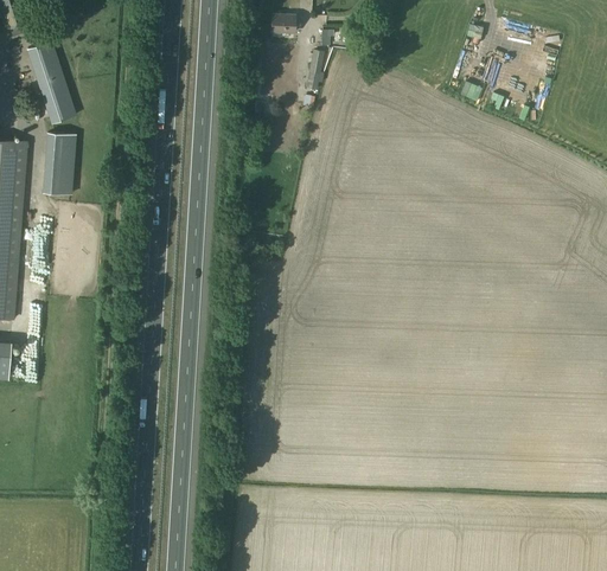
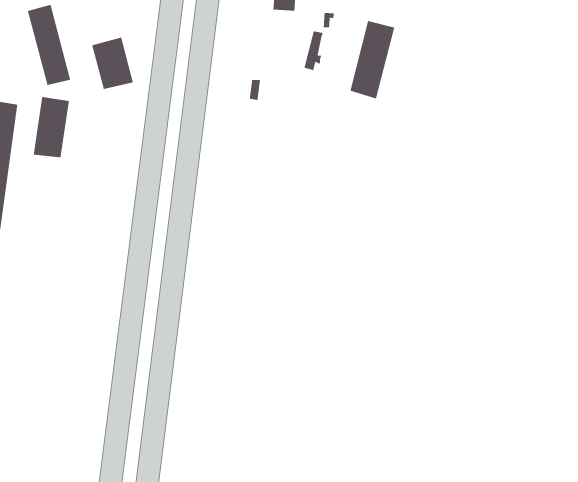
building: none -> [350,20,395,99]
building: none -> [91,37,134,90]

